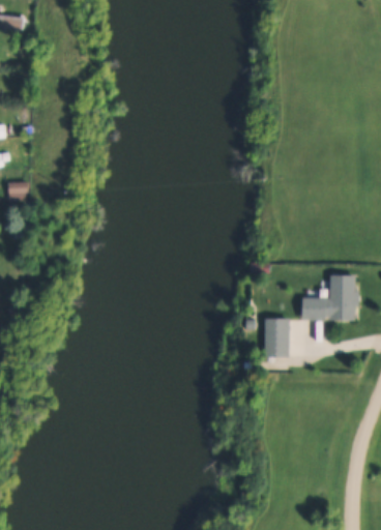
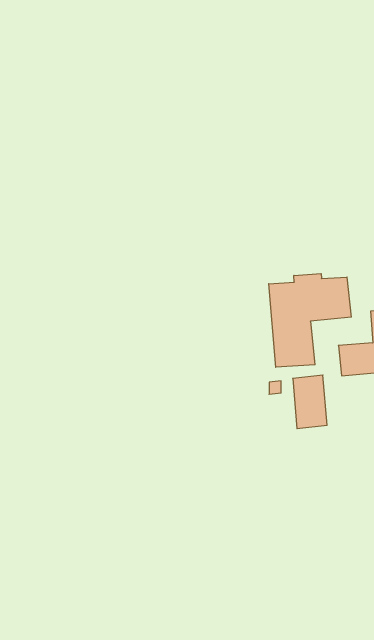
building: none -> [269,274,351,367]

